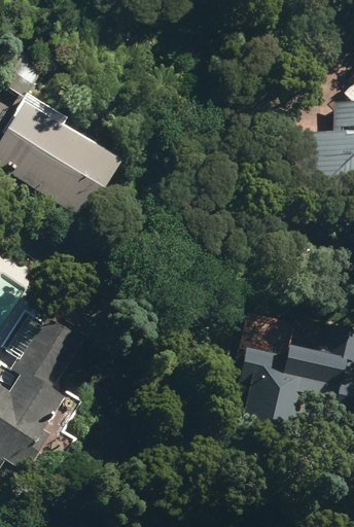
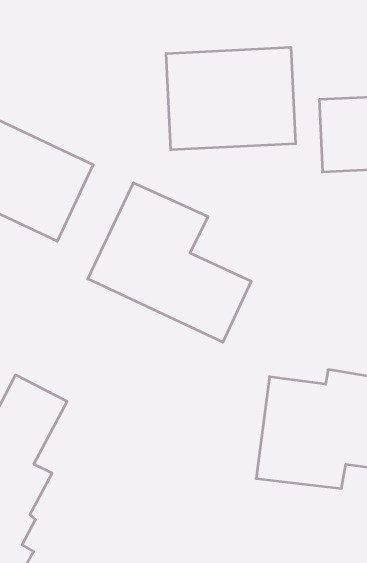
building: none -> [166,47,296,150]
building: none -> [88,183,251,342]

